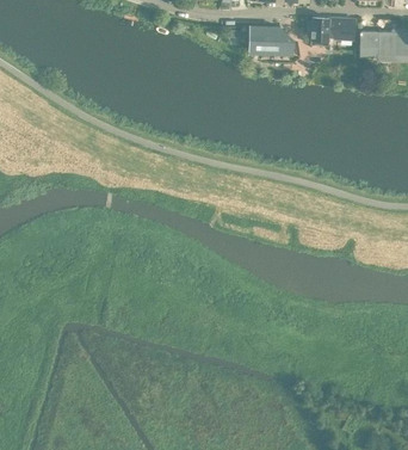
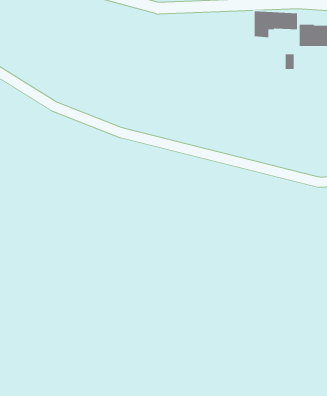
building: [249,26,289,53] -> none

